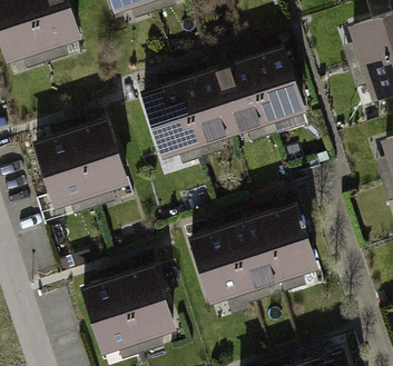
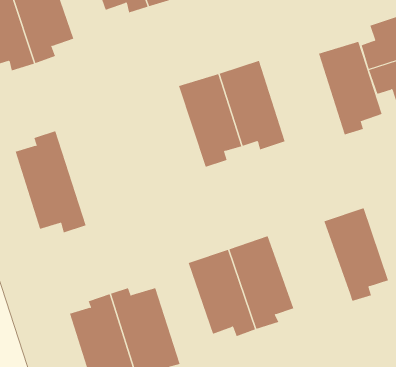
building: [252,47,310,131] -> [318,41,382,135]
building: [143,81,203,160] -> none
building: [68,116,131,207] -> none
building: [259,204,318,288] -> [324,208,389,302]

